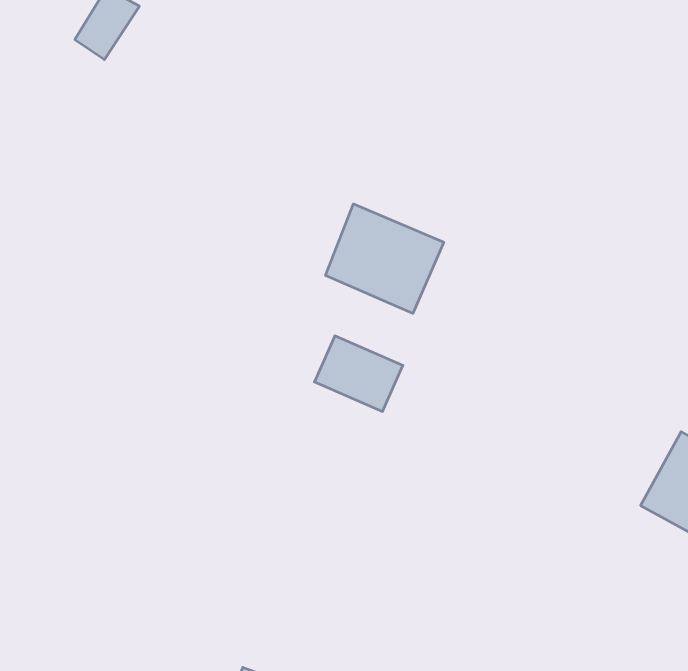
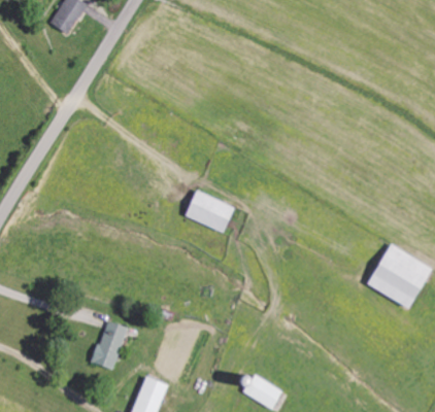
building: [326,204,444,313] -> none
building: none -> [93,320,126,369]

